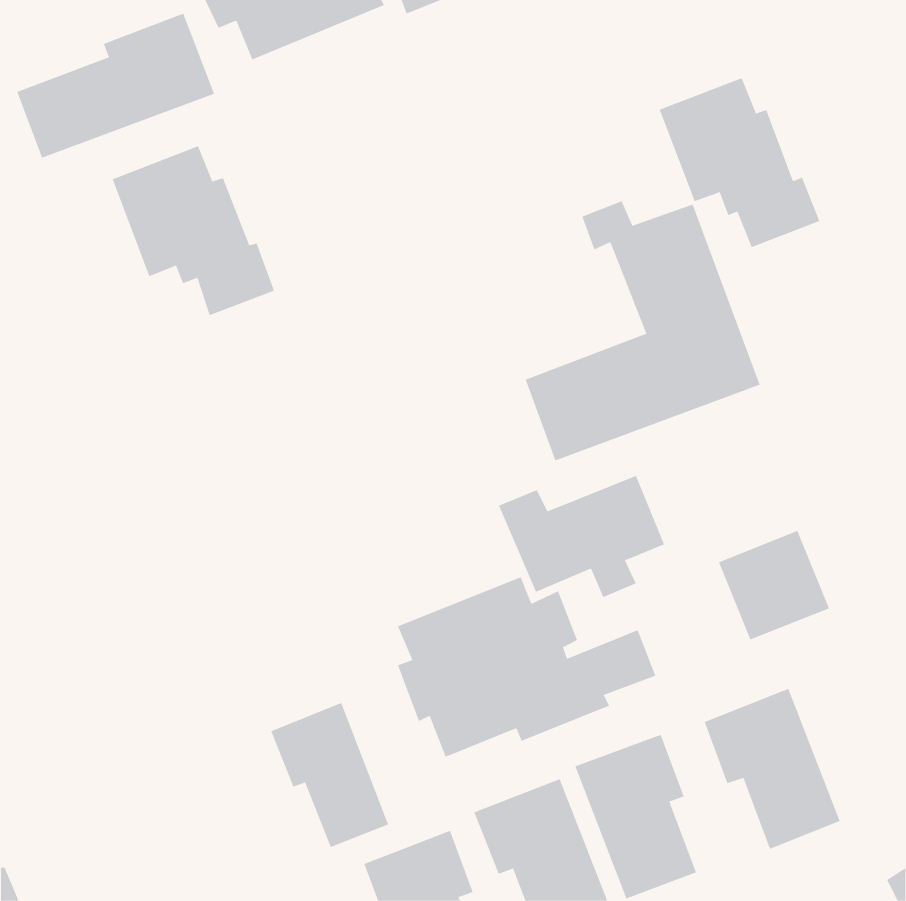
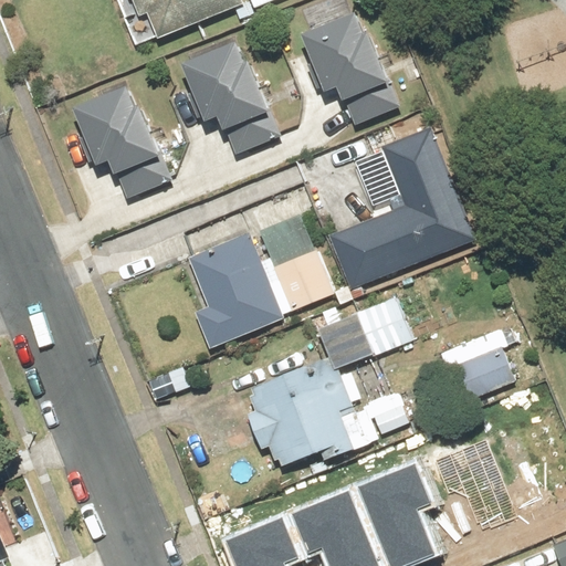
building: [16,13,215,159] -> none
building: none -> [182,48,281,154]
building: [659,78,820,248] -> [300,18,400,124]
building: none -> [188,217,336,347]
building: [271,702,389,848] -> none

